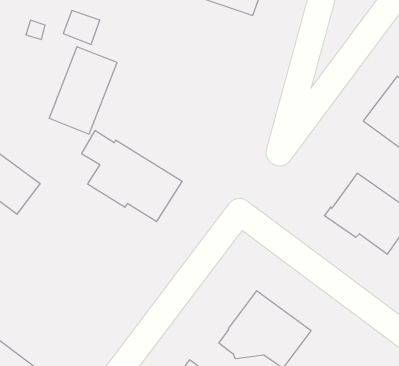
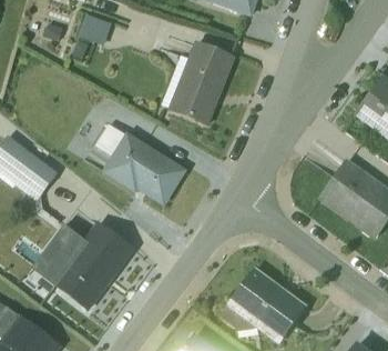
building: [49,47,117,134] -> [171,43,233,123]
building: none -> [32,220,135,312]

